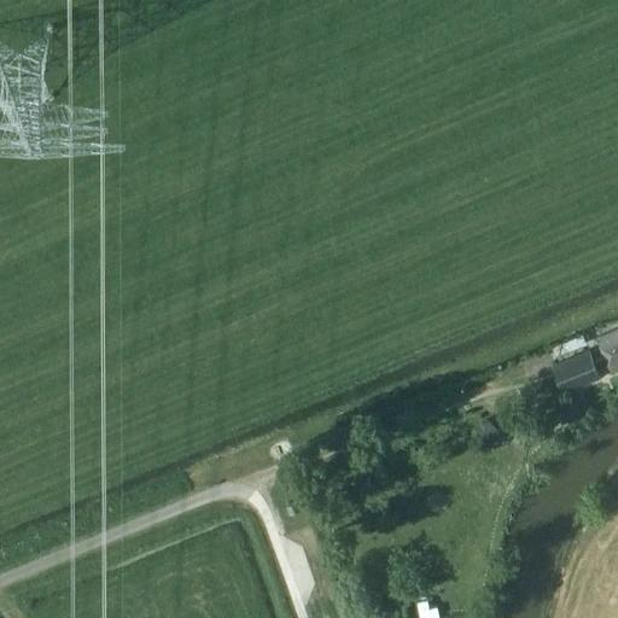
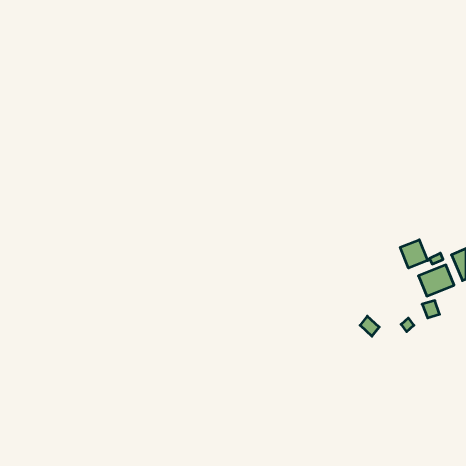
building: none -> [400,240,428,268]

